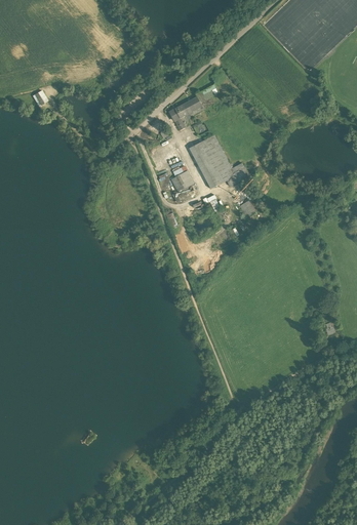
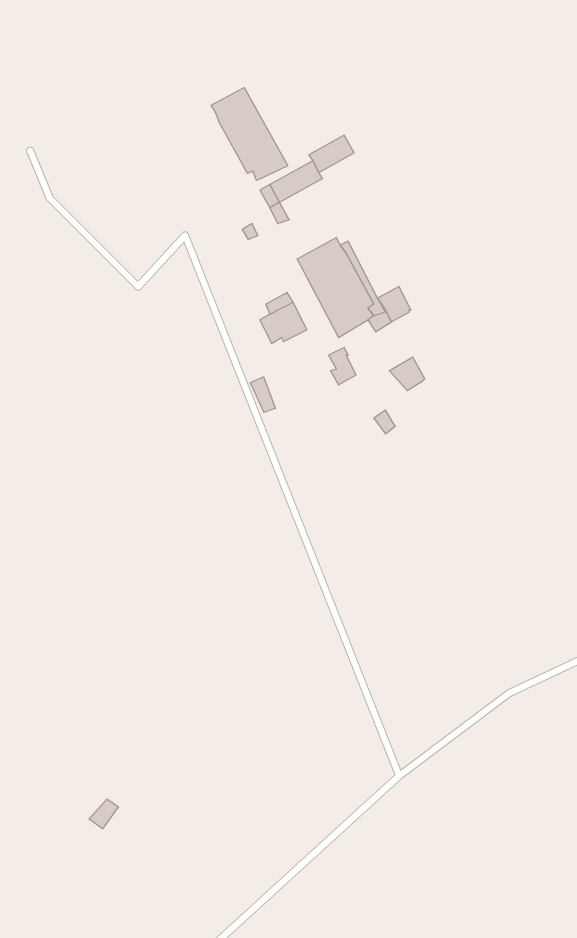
building: none -> [211,88,288,180]

